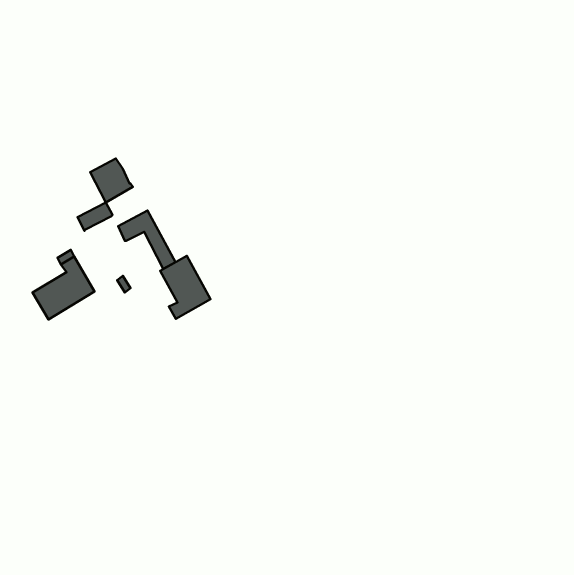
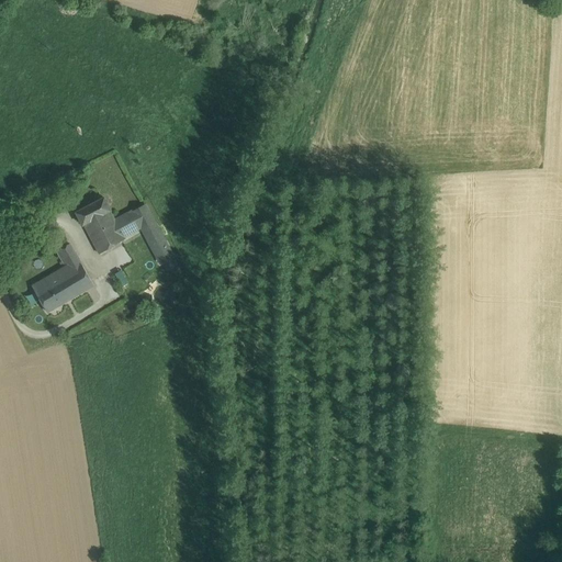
building: [90,159,133,203] -> [83,211,125,254]
building: [160,256,210,319] -> none

